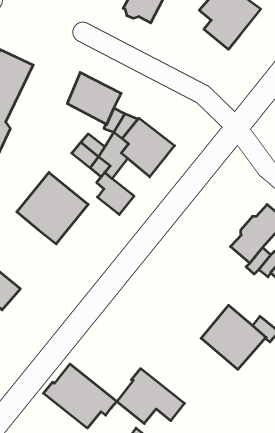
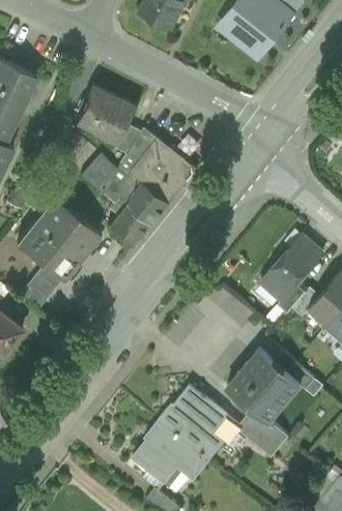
building: none -> [127,183,170,226]
building: none -> [21,264,64,309]
building: none -> [245,414,287,456]
building: [43,364,117,428] -> [160,387,243,459]

